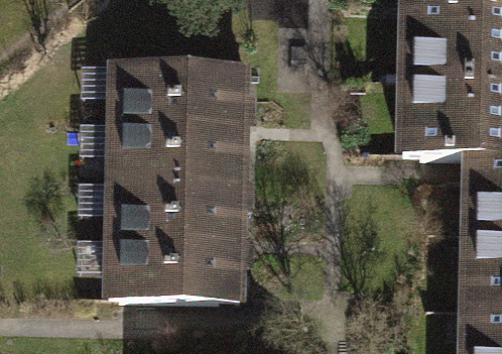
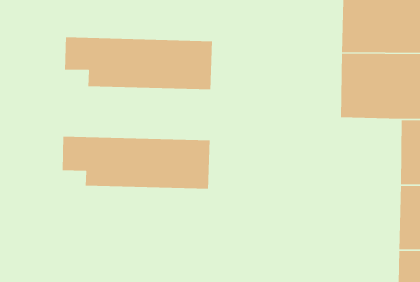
building: [80,119,255,183] -> none
building: [78,237,252,300] -> none

